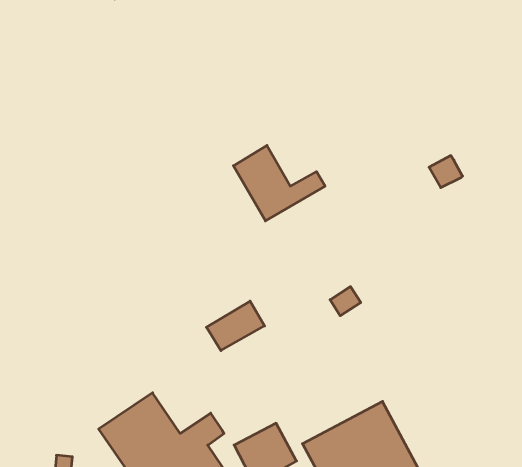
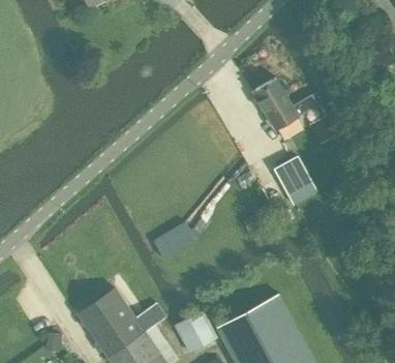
building: [233,145,325,221] -> [252,77,317,130]
building: none -> [274,156,316,204]

